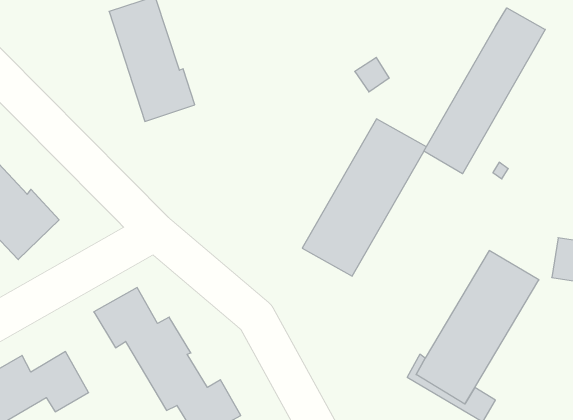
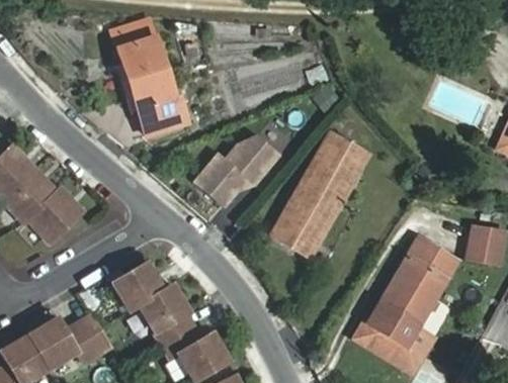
building: [424,8,545,174] -> none
building: none -> [194,134,279,205]

